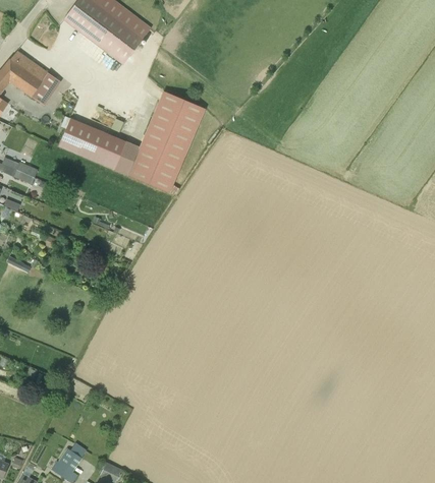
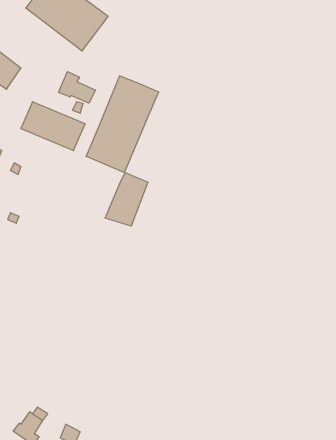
building: none -> [58,72,95,103]
building: none -> [105,172,148,226]

